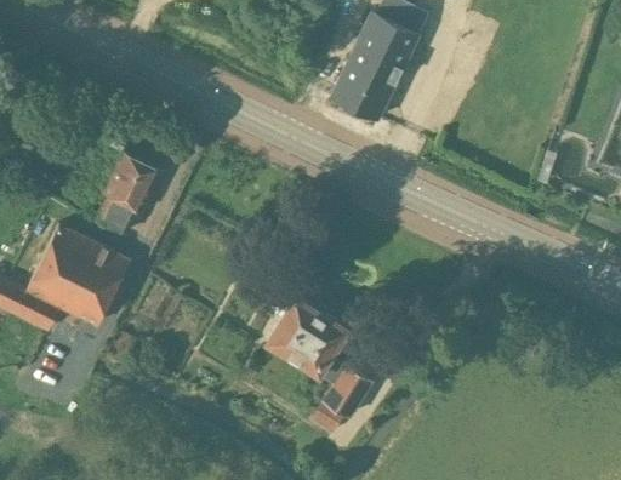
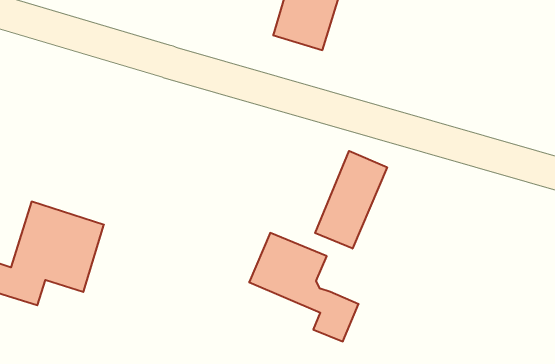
building: [95,154,160,234] -> none
building: none -> [315,151,387,249]

